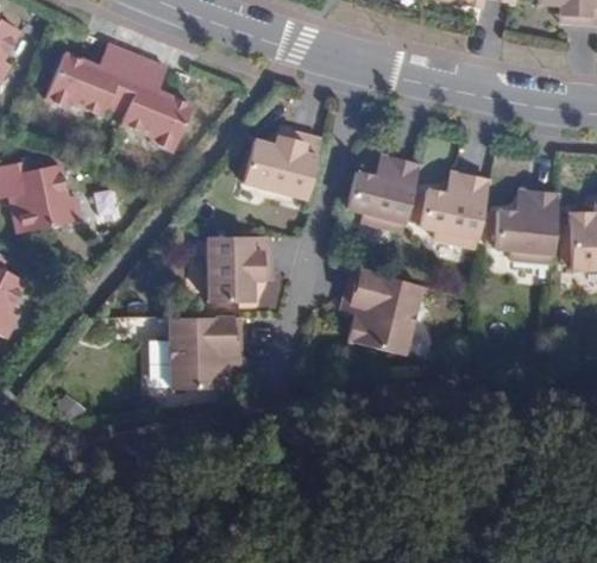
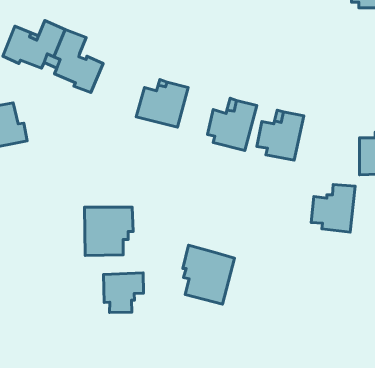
building: [495,192,559,262] -> [311,184,355,232]
building: [206,236,269,301] -> none
building: [343,267,419,354] -> [183,245,235,304]
building: none -> [104,273,143,313]

